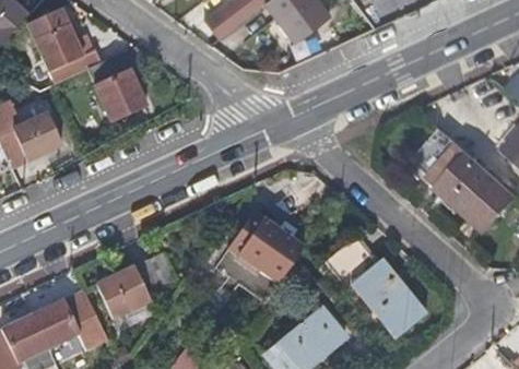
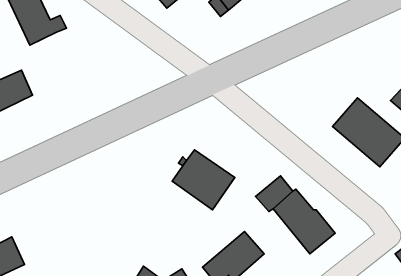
building: [86,52,146,121] -> none
building: [98,261,166,320] -> none
building: [33,293,99,350] -> none

